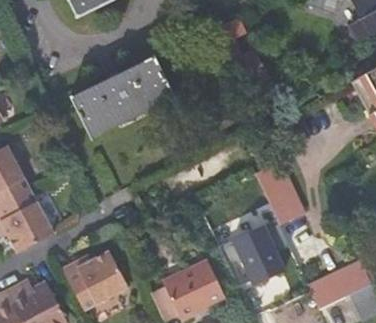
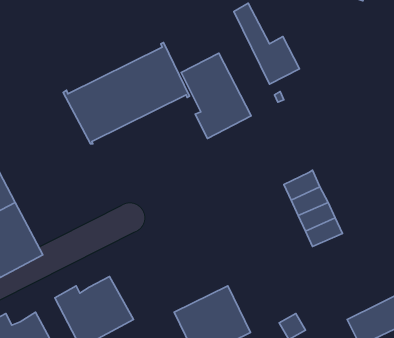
building: none -> [181,53,251,138]
building: [233,220,290,282] -> none

